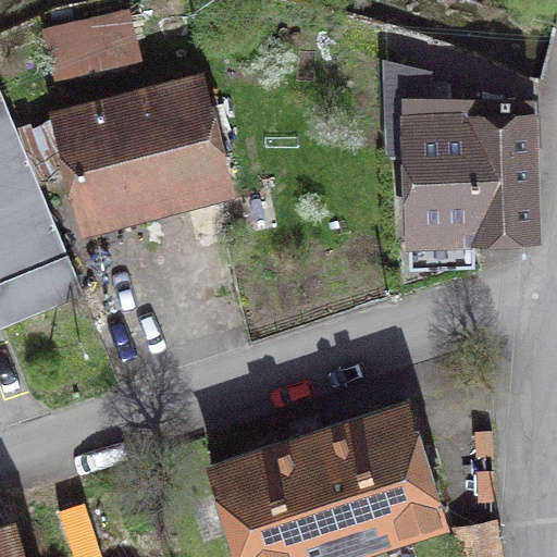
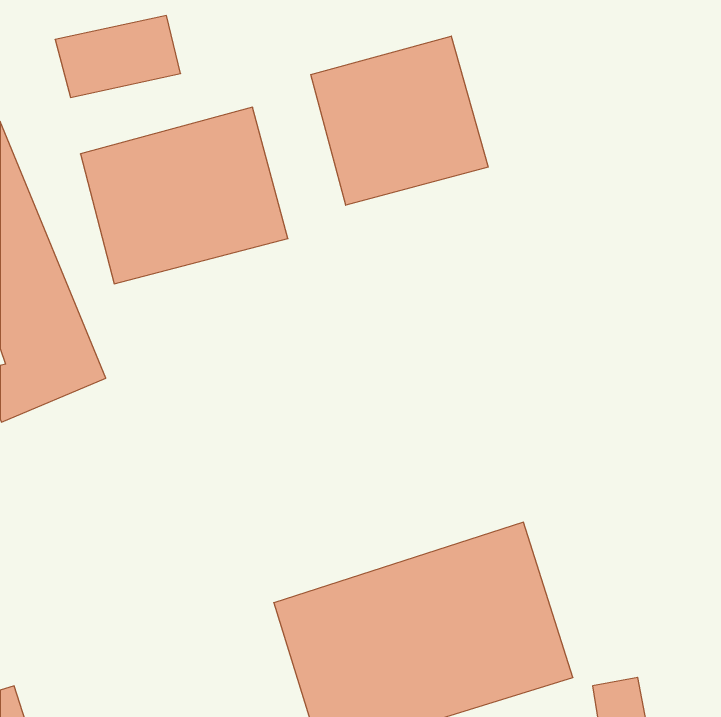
building: none -> [311,36,488,205]
building: [386,64,536,244] -> none

